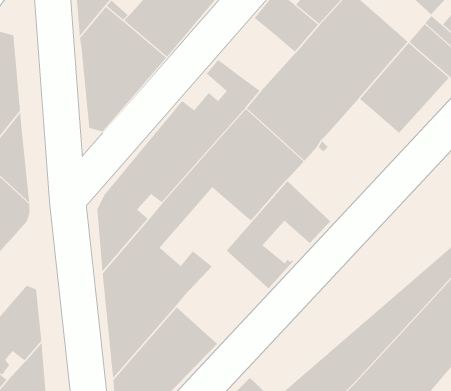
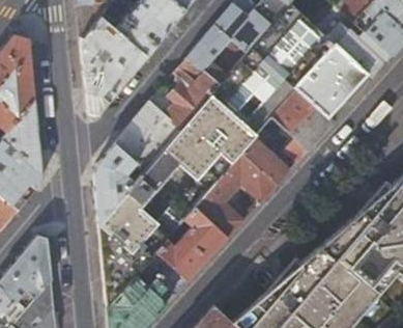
building: none -> [188,26,233,72]
building: none -> [272,89,335,161]
building: none -> [241,138,290,185]
building: none -> [155,208,227,280]

